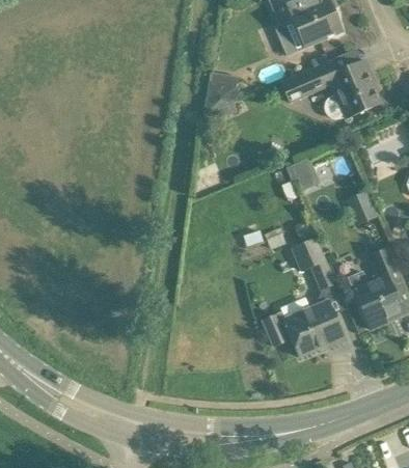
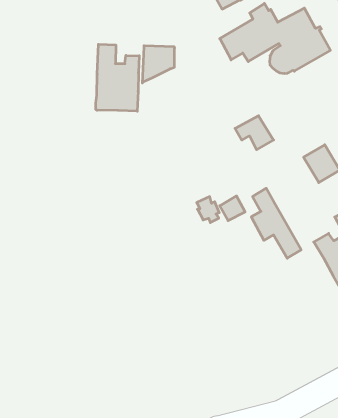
building: none -> [96,44,139,111]
building: [262,300,346,356] -> none

